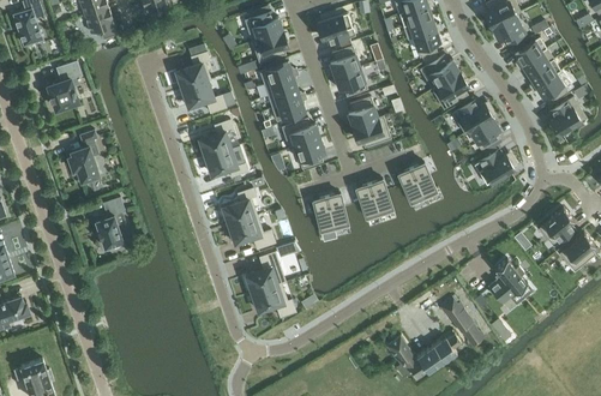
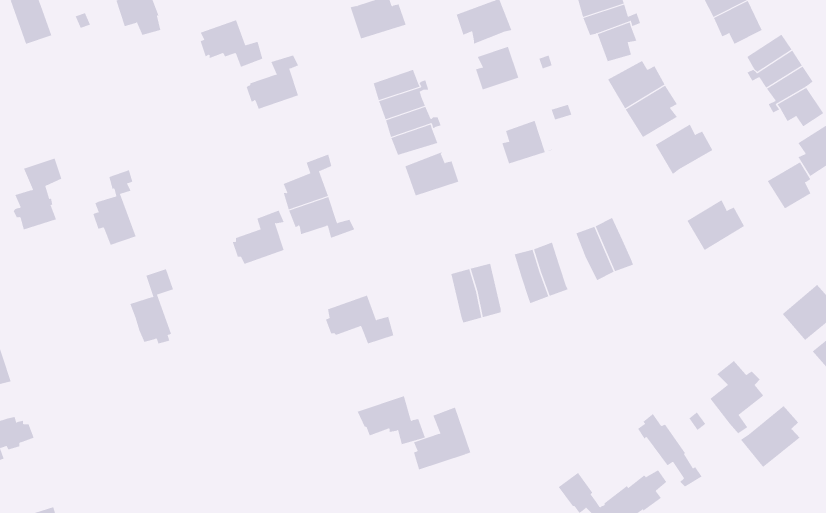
building: [251,30,287,61] -> none
building: [47,59,80,108] -> [13,158,62,230]
building: [333,66,366,95] -> none
building: [181,78,224,112] -> [200,18,263,68]
building: [351,115,389,145] -> none
building: [468,115,498,148] -> [767,162,811,209]
building: [288,137,324,167] -> none
building: [220,186,256,223] -> [232,210,285,264]
building: [245,250,284,293] -> [413,407,471,470]
building: none -> [740,405,801,468]

